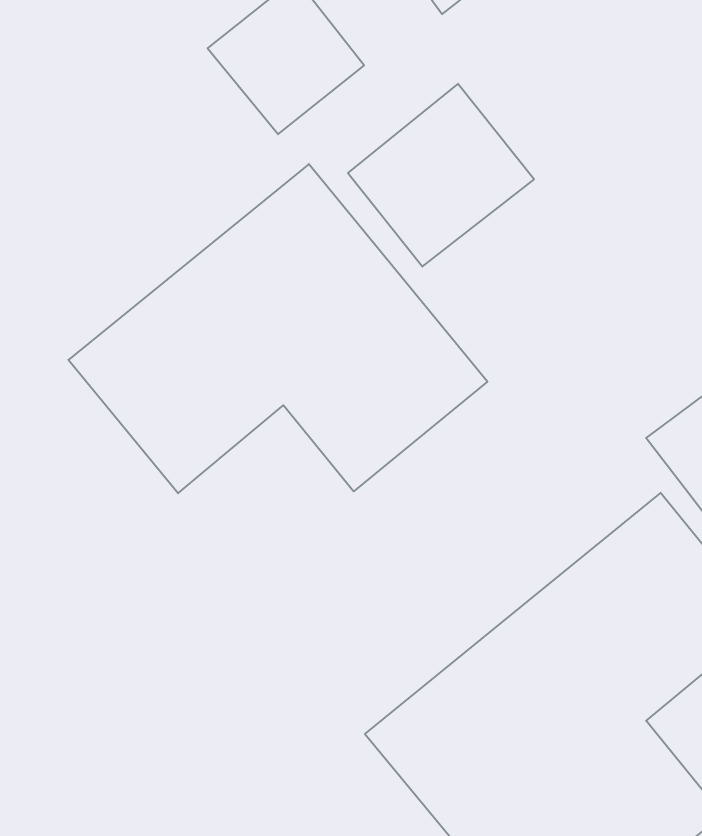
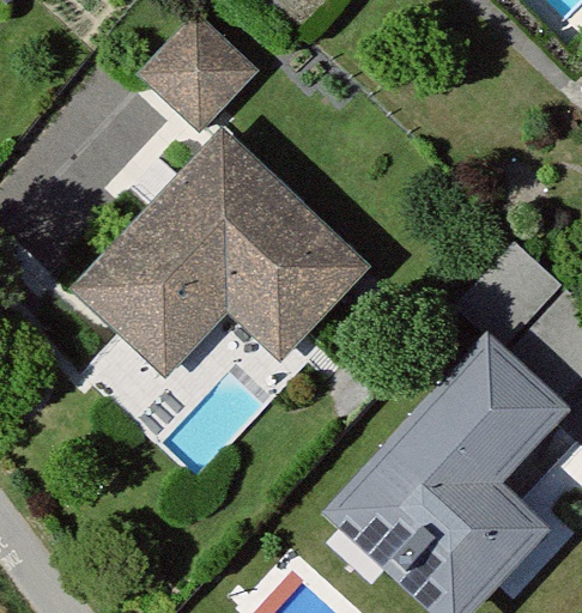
building: [348,84,534,267] -> none

